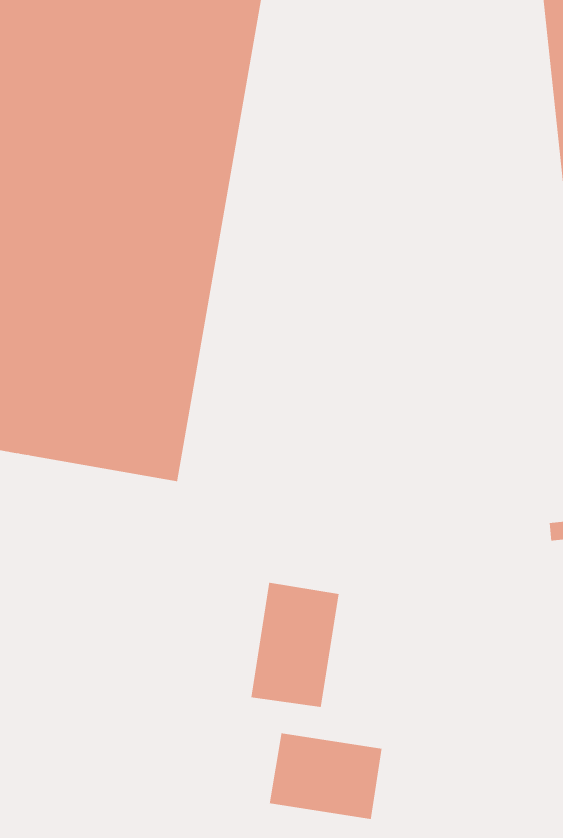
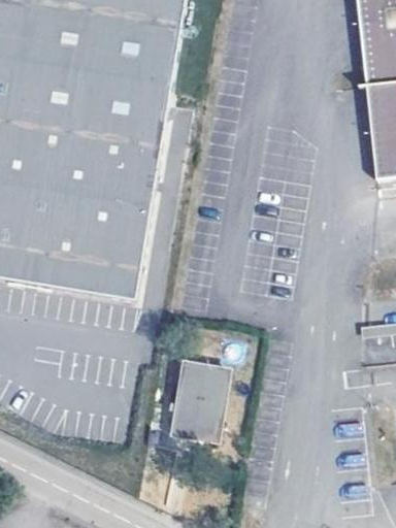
building: [269,733,382,820] -> none

